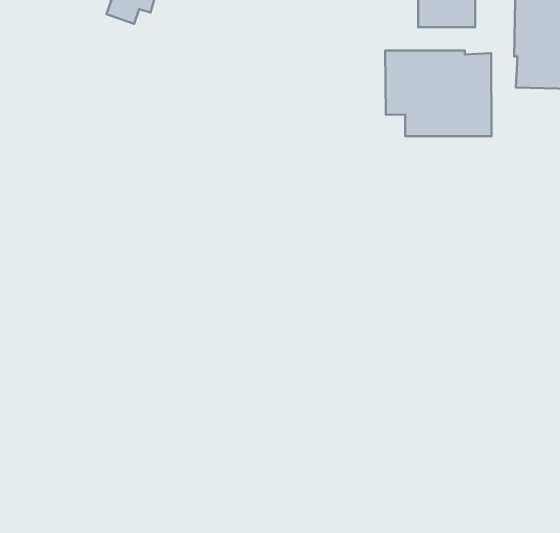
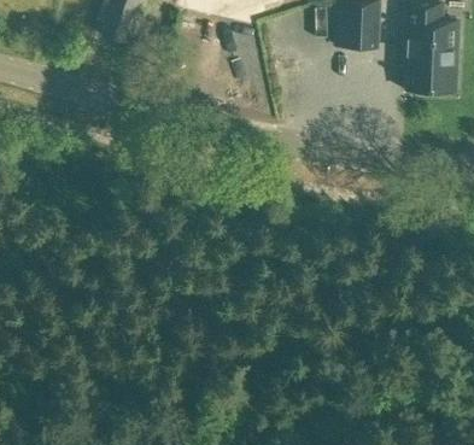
building: [385,51,492,136] -> none

